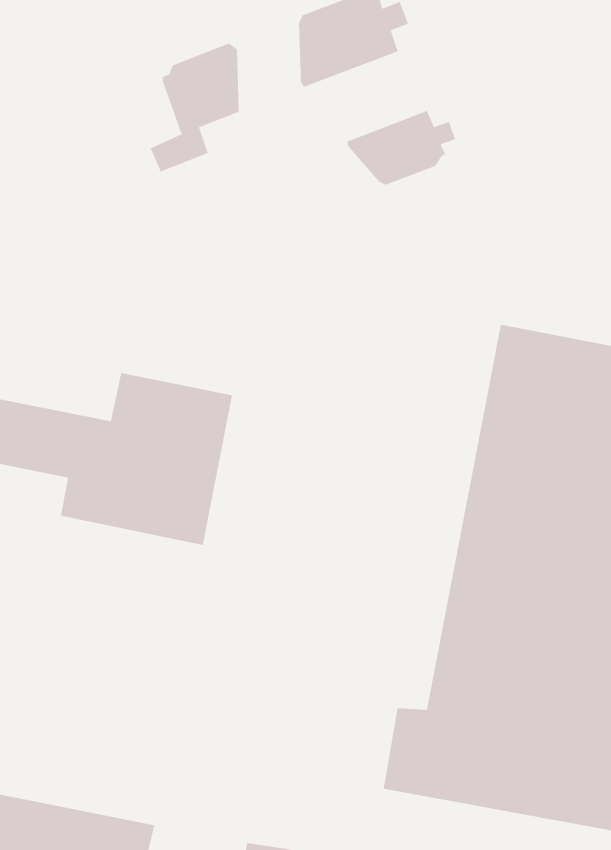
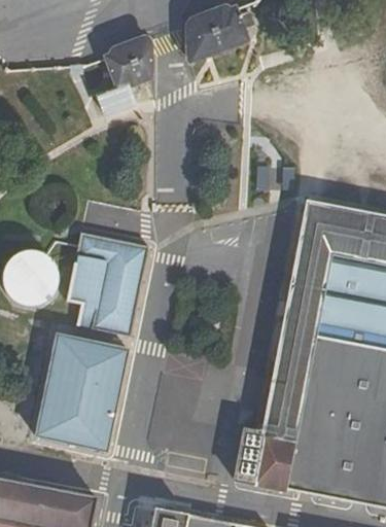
building: [347,110,456,185] -> none
building: none -> [35,332,127,448]

